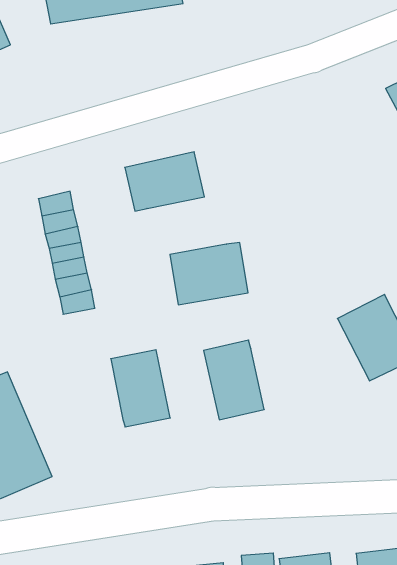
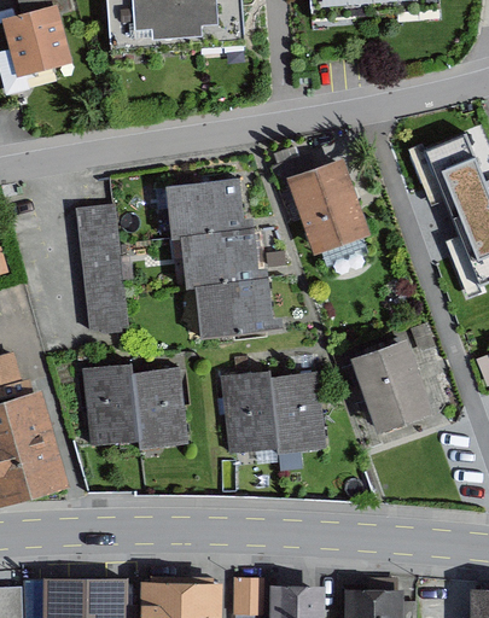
building: none -> [290,164,365,250]
building: none -> [184,229,256,284]
building: none -> [268,379,320,450]
building: none -> [86,368,136,442]

